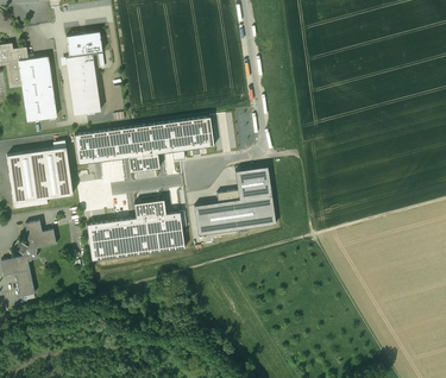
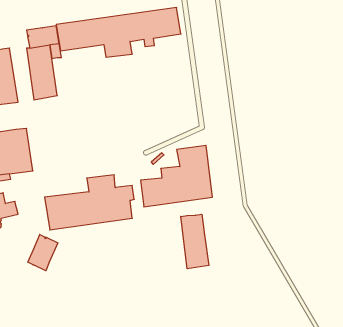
building: [74,115,214,171] -> [56,8,181,57]
building: none -> [181,214,209,269]
building: none -> [28,234,58,271]

